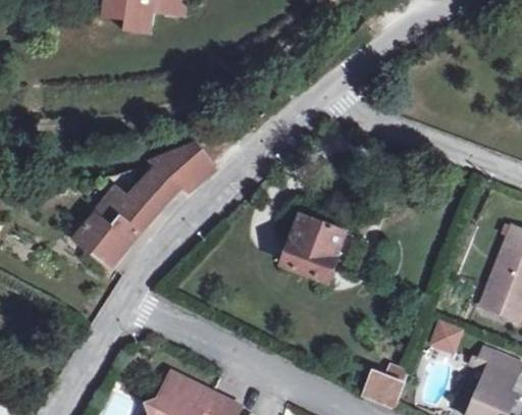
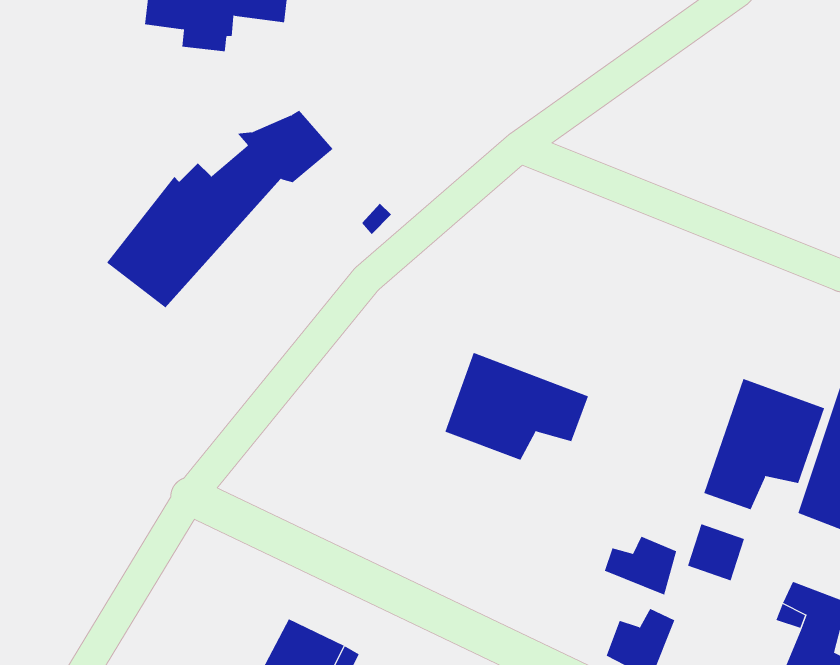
building: [76,145,213,264] -> [106,110,334,308]
building: none -> [704,378,825,510]
building: none -> [604,536,677,595]

